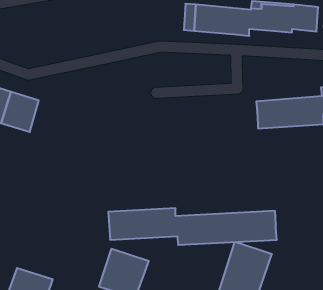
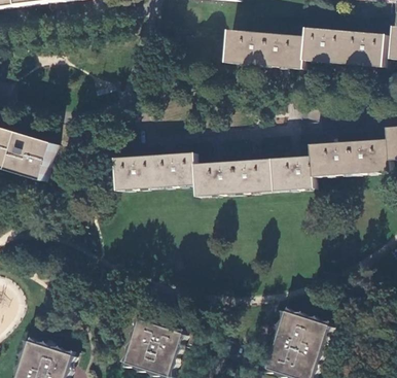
building: [108,208,277,245] -> [114,152,313,196]

